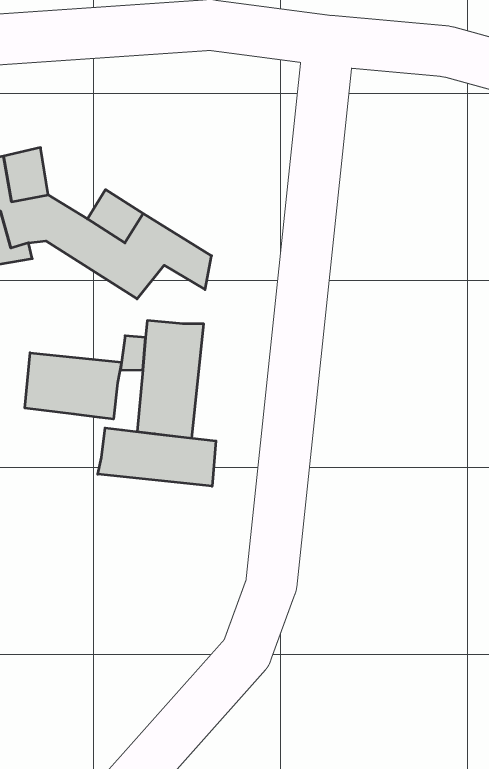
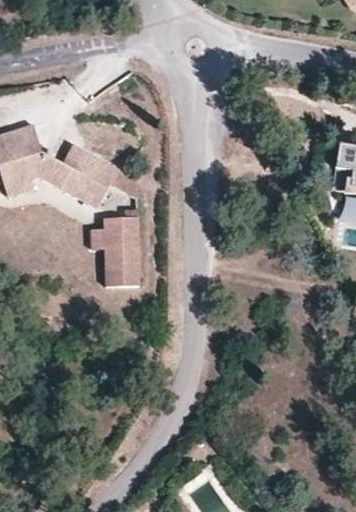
building: [25,353,121,419] -> none
building: [98,428,216,486] -> none

